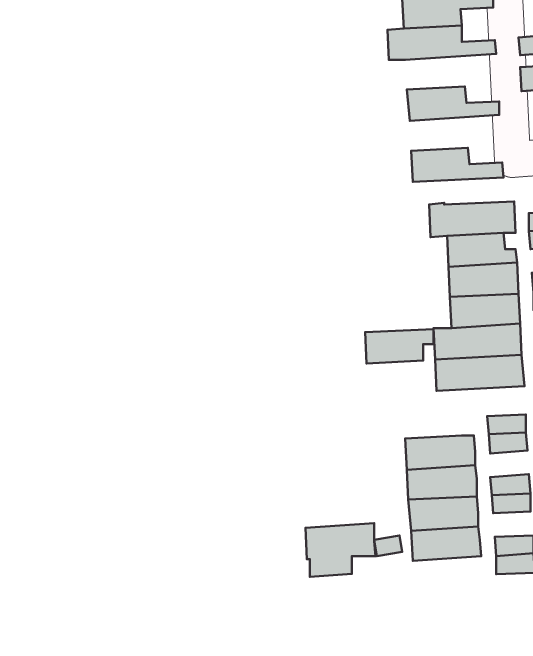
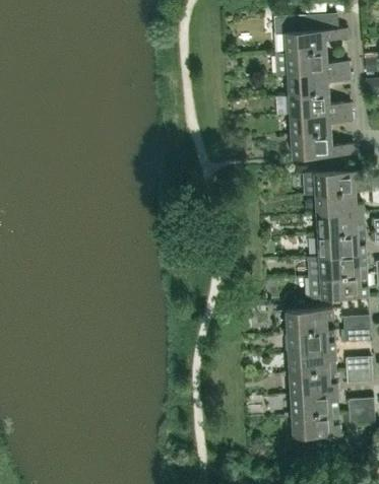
building: none -> [287,70,349,94]
building: none -> [290,112,352,136]
building: [365,329,434,364] -> [286,308,332,332]
building: [305,523,376,577] -> [292,412,339,448]

